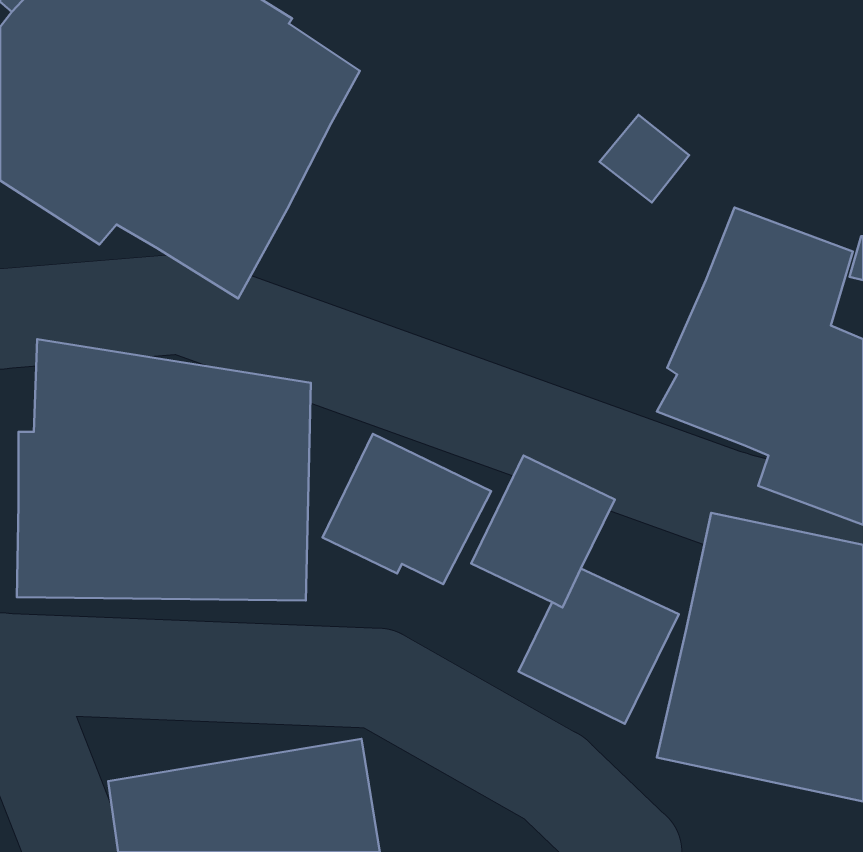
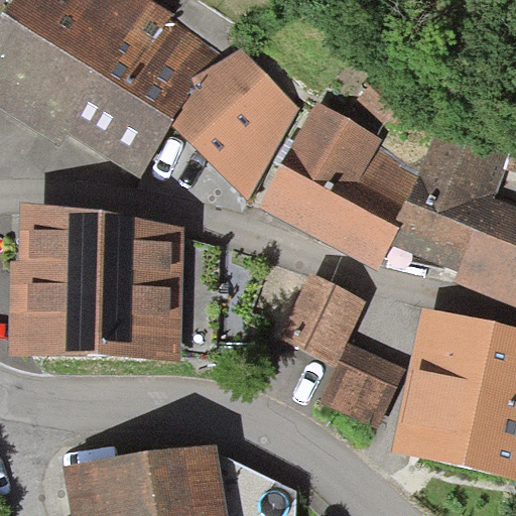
building: none -> [171,46,299,199]
building: none -> [261,101,421,270]
building: [323,434,491,584] -> none

